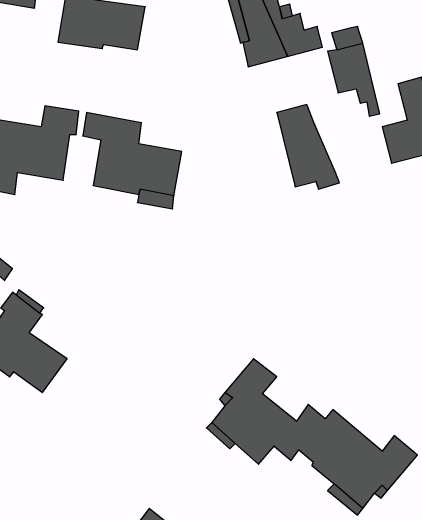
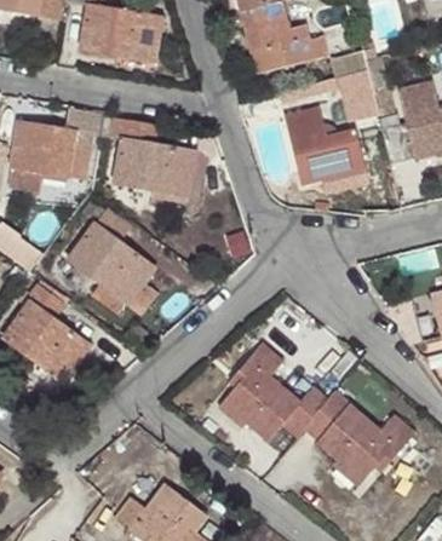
building: none -> [311,107,367,180]
building: none -> [67,200,156,315]

